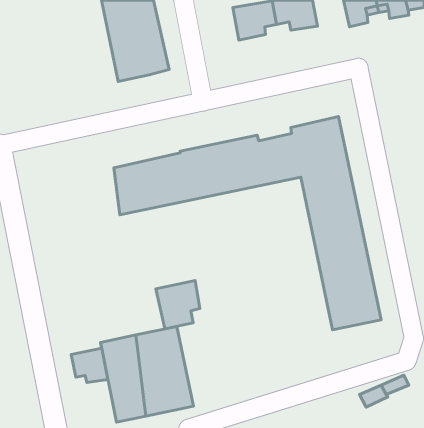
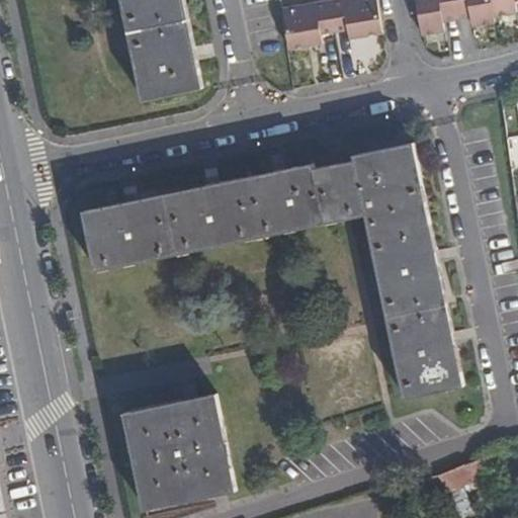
building: none -> [80,183,218,271]
building: [156,280,200,329] -> none
building: [71,348,108,383] -> none

